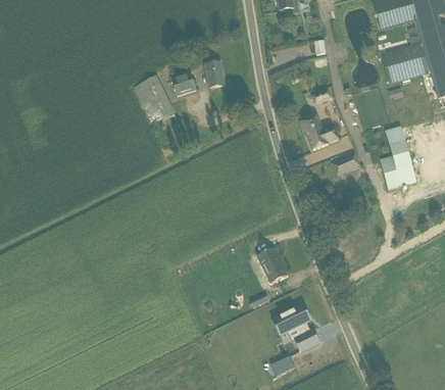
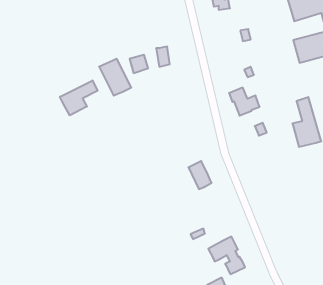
building: none -> [60,80,97,115]
building: [257,246,287,282] -> [188,161,212,189]

